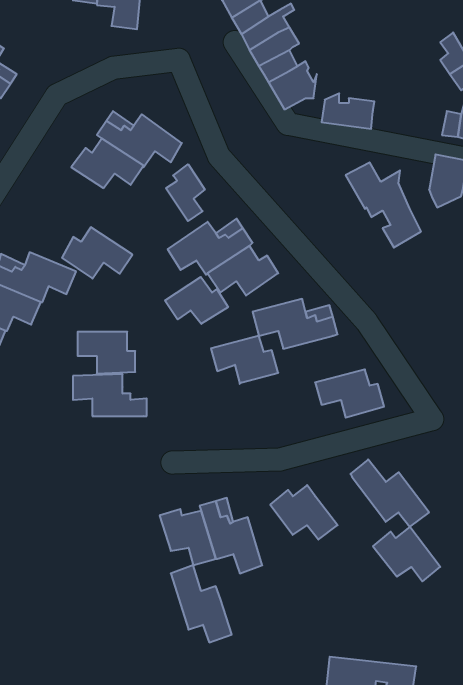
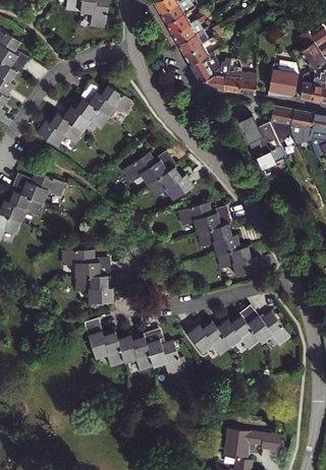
building: none -> [199,57,226,90]
building: none -> [266,58,294,93]
building: none -> [271,106,294,144]
building: [166,164,205,221] -> none
building: [62,227,132,279] -> [39,114,84,146]
building: [165,277,228,324] -> none
building: [78,332,135,374] -> [77,276,114,302]
building: [211,336,278,384] -> [199,225,241,255]
building: [373,527,440,581] -> [218,314,261,349]
building: [171,565,232,642] -> [88,317,126,366]

